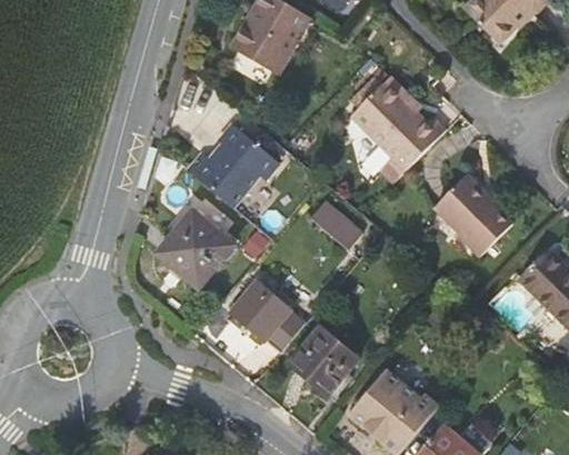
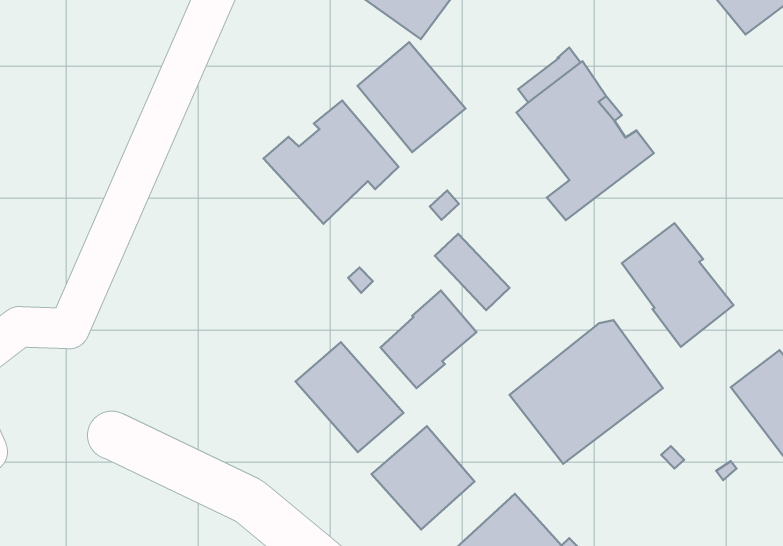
building: none -> [357,42,466,152]
building: [159,210,233,286] -> none
building: none -> [381,290,476,388]
building: none -> [510,320,663,464]

